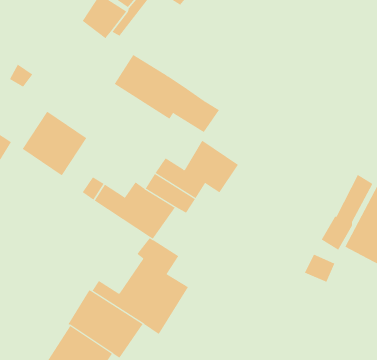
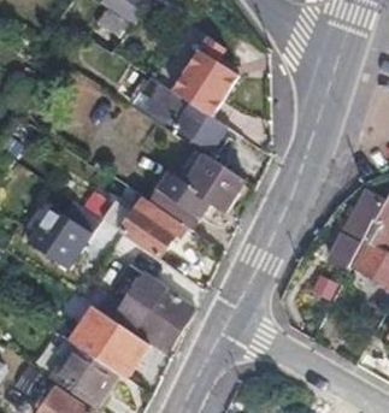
building: none -> [172,36,236,116]
building: [22,111,87,176] -> [26,206,93,272]

